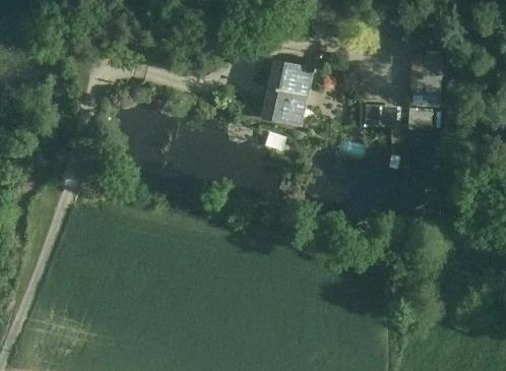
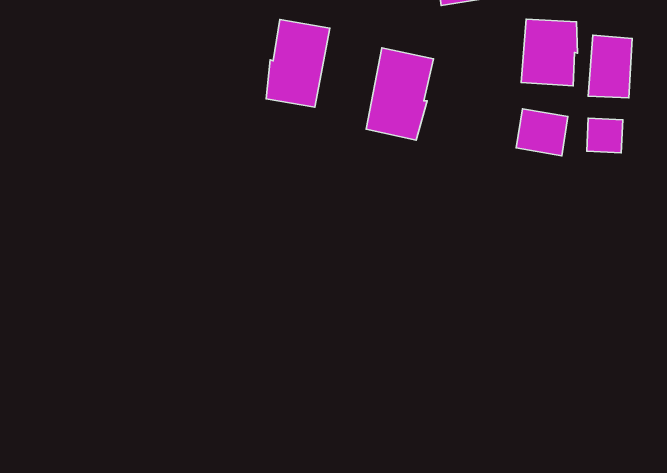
building: none -> [521,19,578,86]
building: none -> [266,19,330,107]

